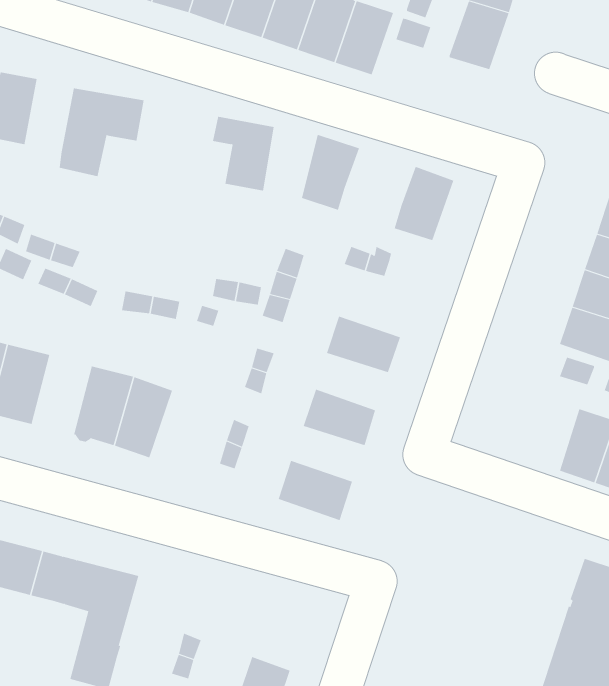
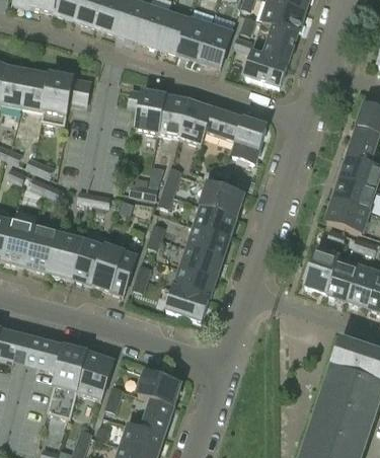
building: none -> [245,52,287,86]
building: none -> [22,69,50,110]
building: none -> [158,96,188,137]
building: none -> [205,108,244,141]
building: none -> [201,182,243,216]
building: none -> [187,225,229,257]
building: none -> [26,226,60,272]
building: none -> [93,239,139,295]
building: none -> [304,249,337,292]
building: none -> [173,266,216,298]
building: none -> [76,352,115,399]
building: none -> [138,371,180,405]

